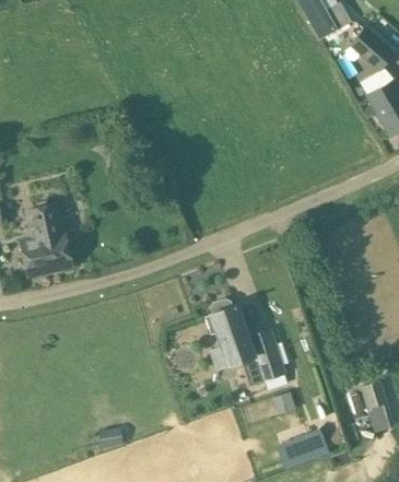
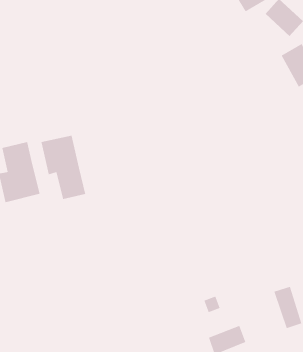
building: none -> [41,135,86,200]
building: [210,298,287,390] -> none

